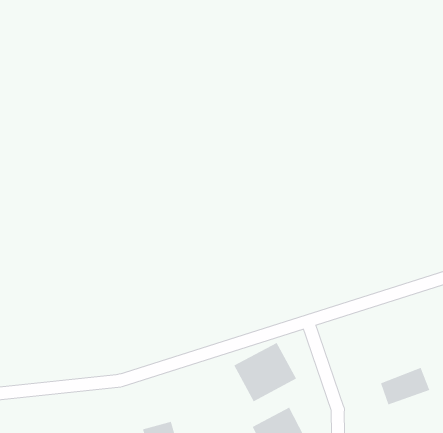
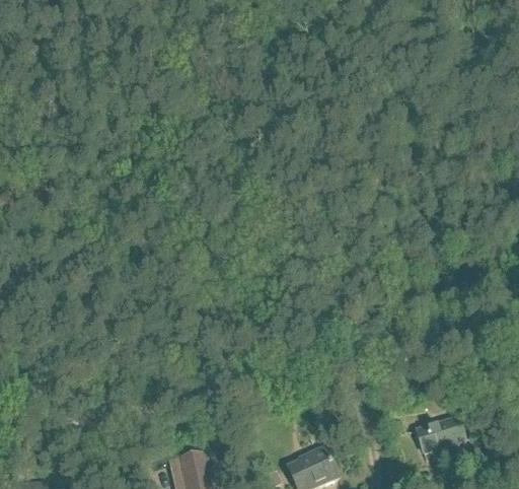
building: [233,342,297,402] -> none

